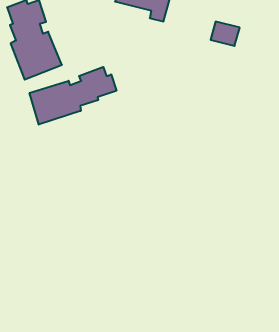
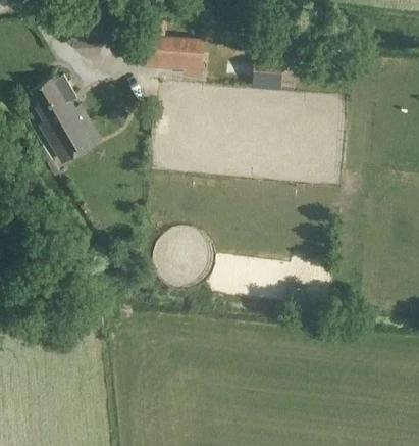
building: [30,67,116,125] -> none

